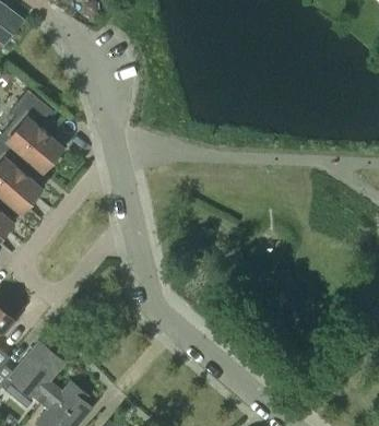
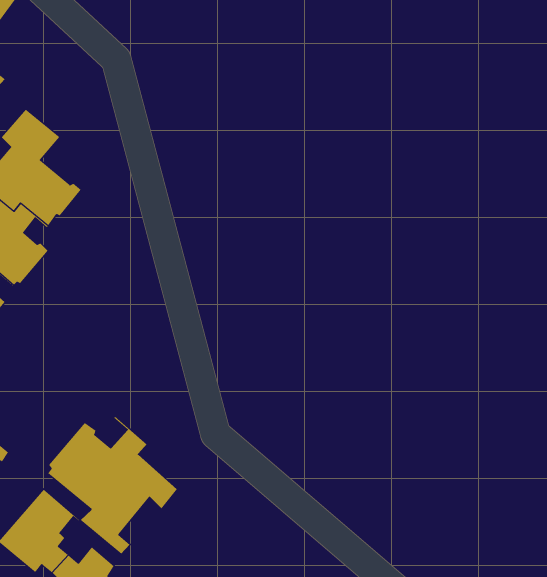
building: none -> [48,416,178,555]

